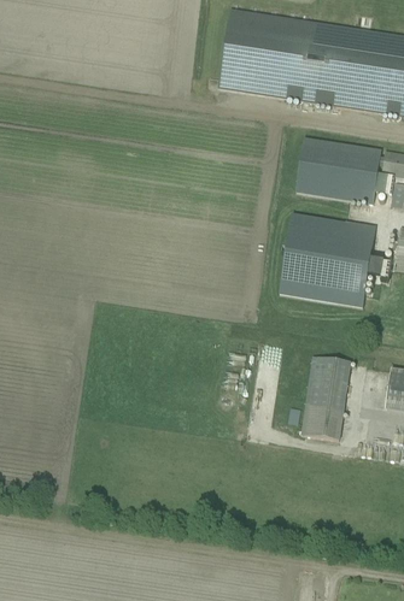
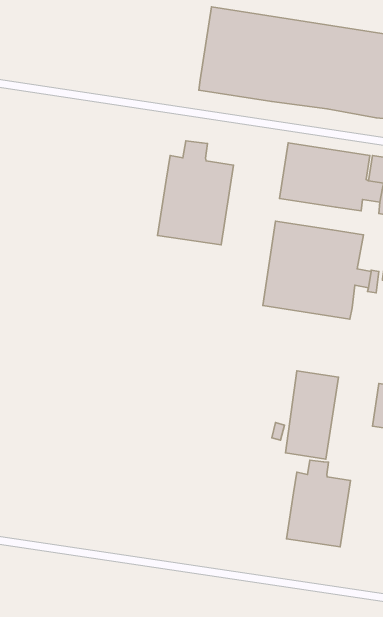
building: none -> [158,141,233,245]
building: none -> [287,460,350,547]

